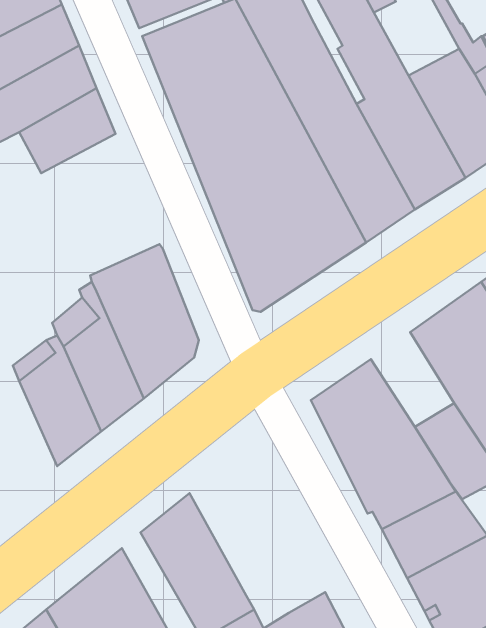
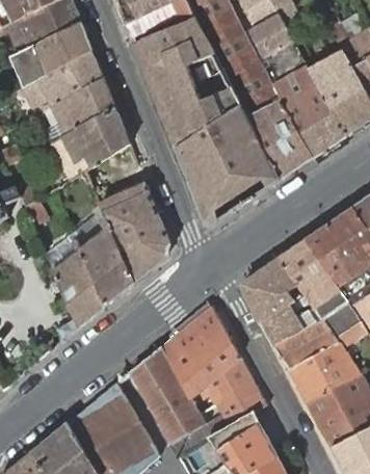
building: none -> [51,107,129,180]
building: none -> [283,238,338,300]
building: none -> [163,305,265,423]

